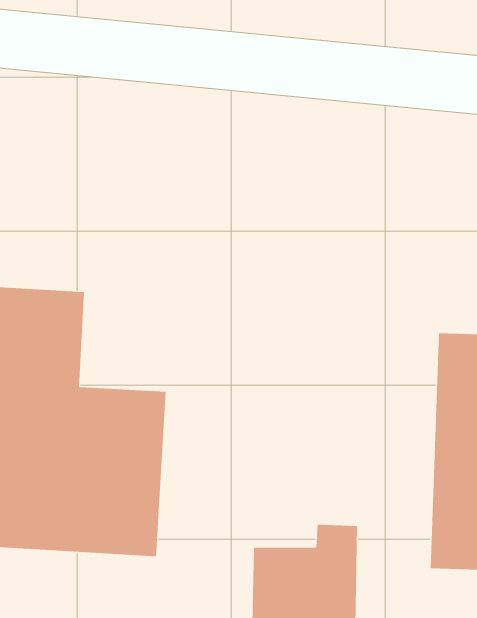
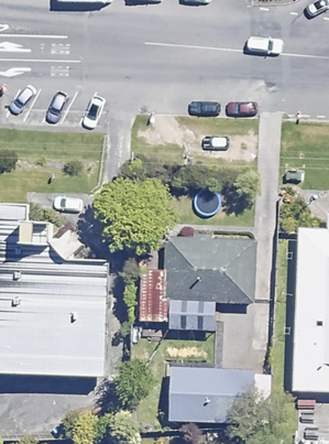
building: none -> [168,227,256,332]

